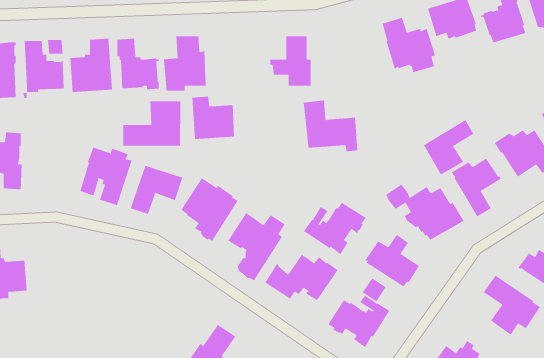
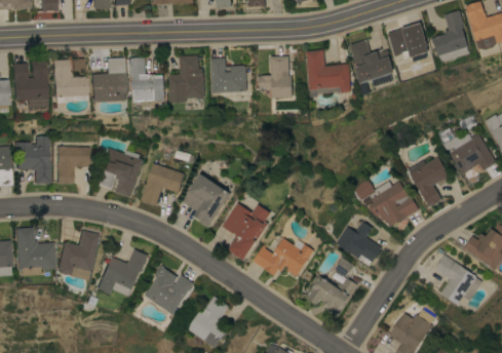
building: [192,96,235,139] -> [210,57,246,93]
building: [303,100,358,152] -> [306,49,352,92]
building: [123,100,181,146] -> none
building: [423,119,474,175] -> none
building: none -> [56,146,90,184]
building: [303,202,366,255] -> none
building: none -> [57,230,99,280]
building: none -> [96,248,148,296]
building: none -> [144,265,194,314]

